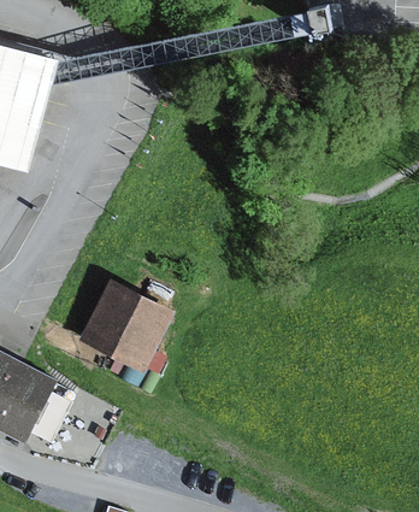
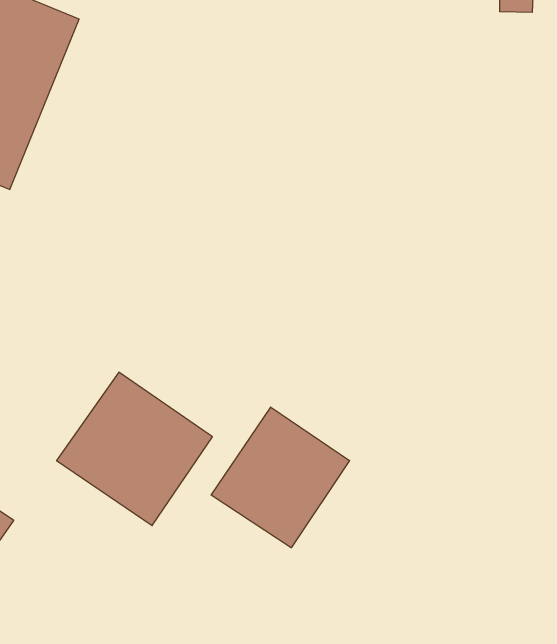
building: none -> [211,407,350,548]

